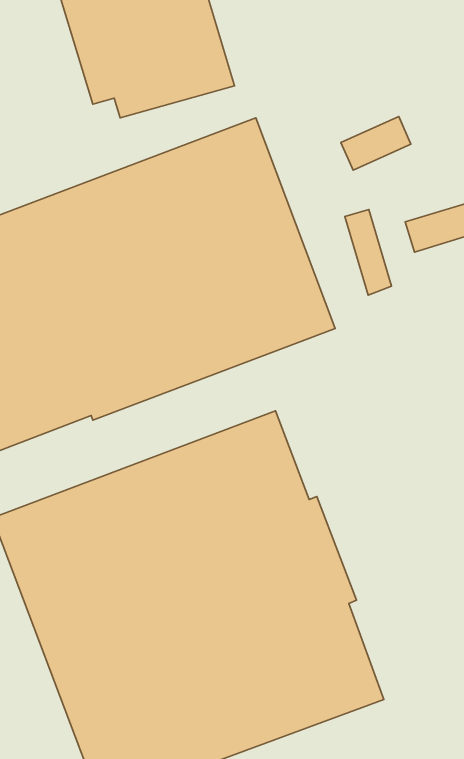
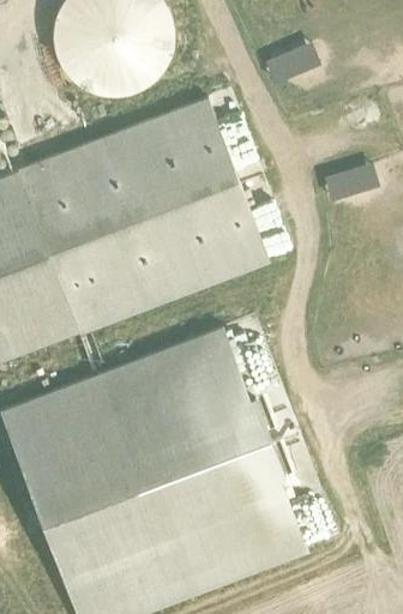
building: [341,117,411,170] -> [265,43,320,85]
building: [345,209,391,295] -> none

